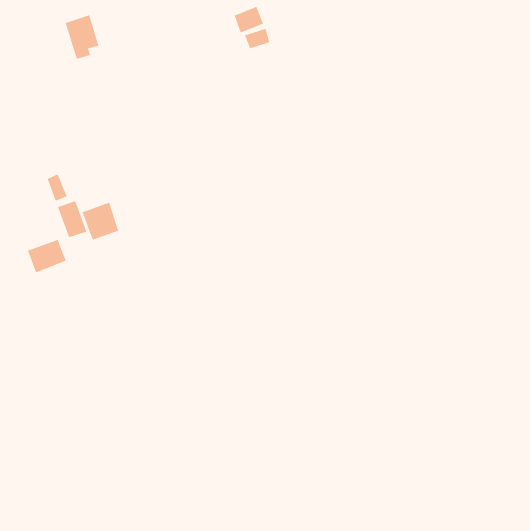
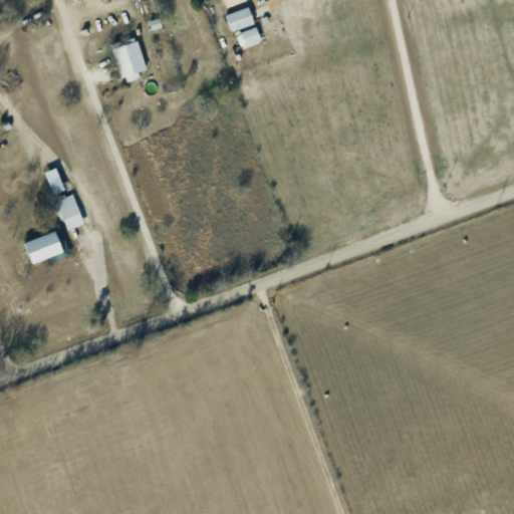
building: [65,15,99,59] -> [113,39,147,82]
building: [82,202,119,241] -> none

